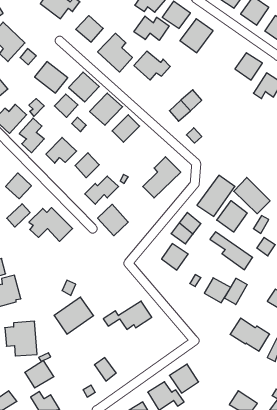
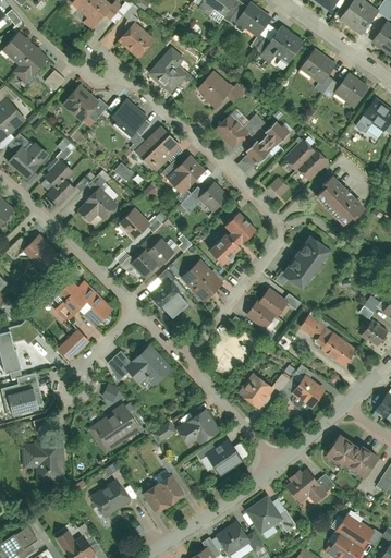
building: [134,16,169,40] -> none
building: none -> [301,49,337,84]
building: none -> [213,116,248,149]
building: [54,94,78,117] -> none
building: none -> [281,138,330,182]
building: none -> [197,182,229,214]
building: [234,177,270,214] -> [315,178,364,227]
building: none -> [180,259,222,302]
building: [217,201,247,232] -> none
building: [7,204,30,227] -> [58,329,89,361]
building: [162,244,188,270] -> [235,375,271,411]
building: none -> [106,343,172,387]
building: [225,278,247,305] -> none
building: none -> [195,438,246,477]
building: none -> [285,465,328,502]
building: none -> [157,474,186,505]
building: [25,360,54,388] -> [90,480,130,517]
building: none -> [337,510,375,546]

